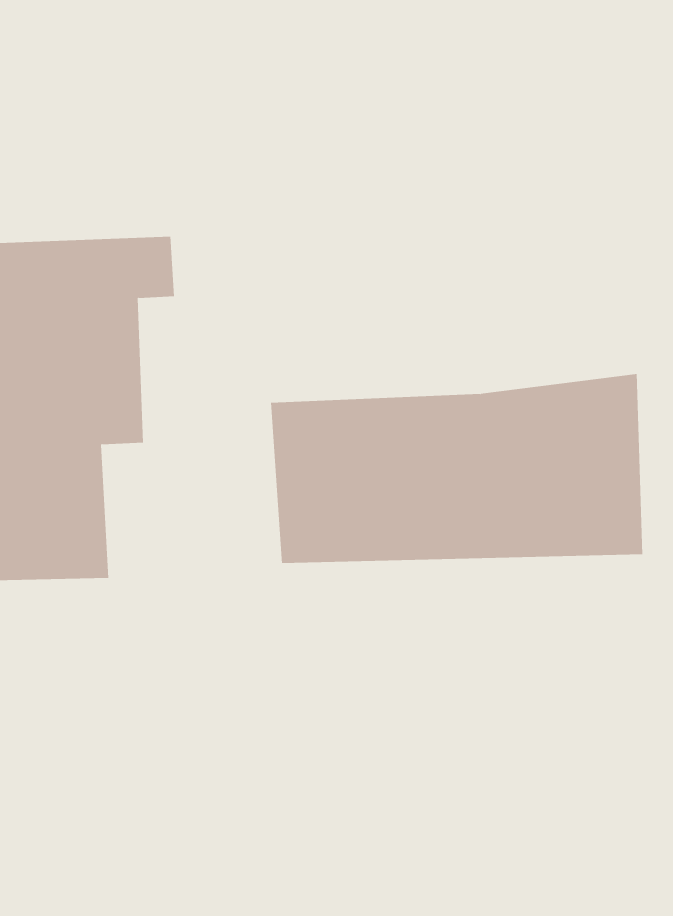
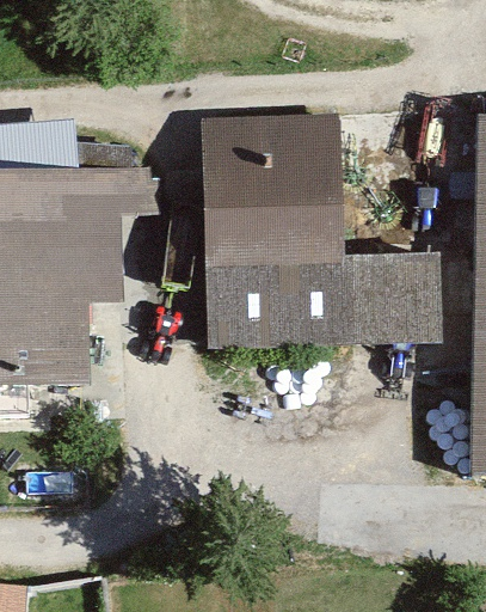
building: none -> [203,123,343,265]

